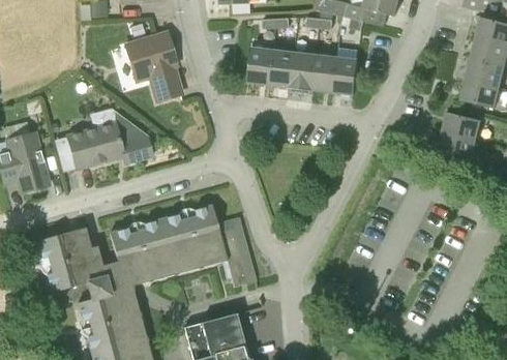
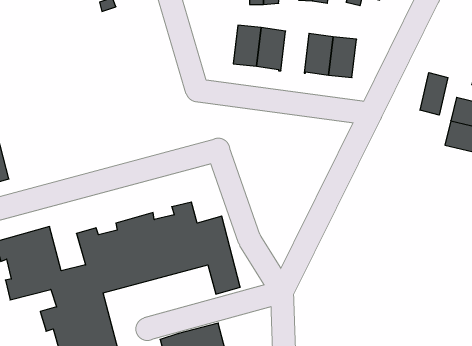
building: [126,32,181,99] -> none
building: [291,53,316,90] -> none
building: none -> [420,73,448,115]
building: [66,108,152,170] -> none

